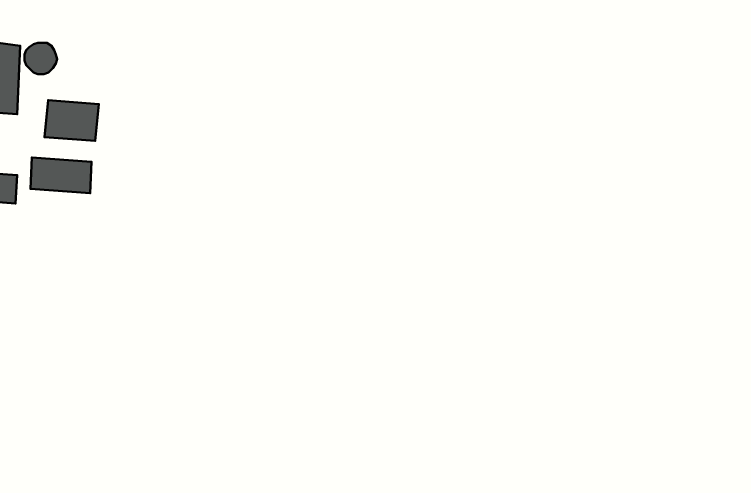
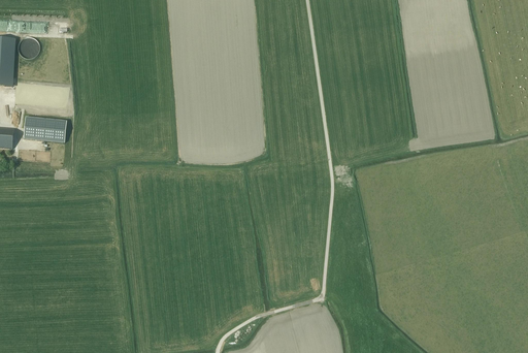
building: [45,100,99,141] -> none

